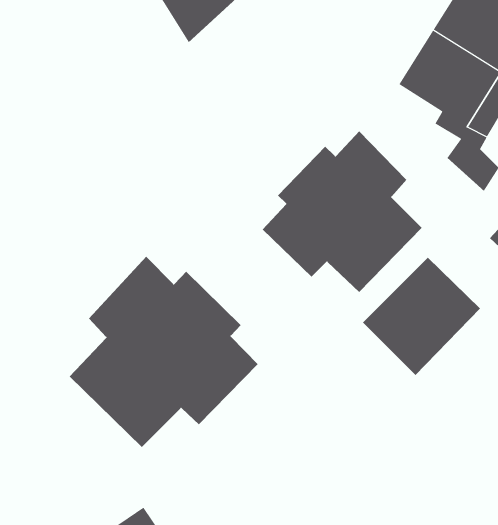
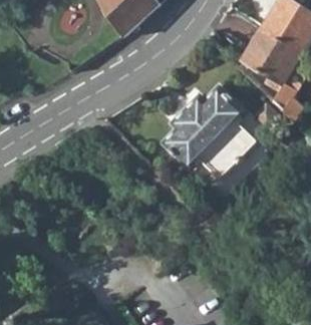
building: [69,256,259,448] -> none
building: [362,257,481,376] -> none

